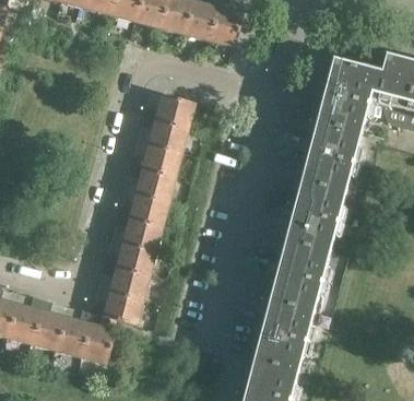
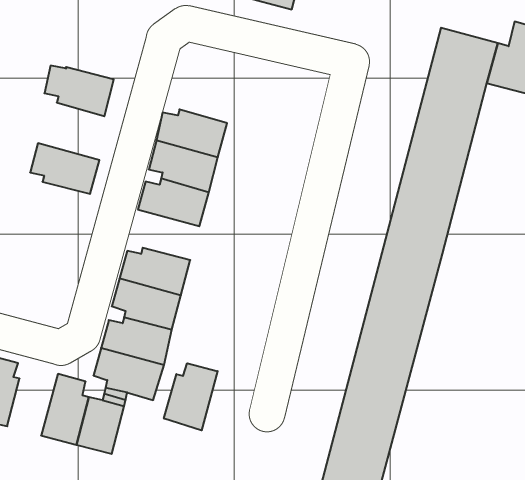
building: [142,93,191,129] -> [44,66,114,116]
building: [116,190,165,226] -> [30,143,99,194]
building: none -> [164,363,218,430]
building: [28,302,64,351] -> none

